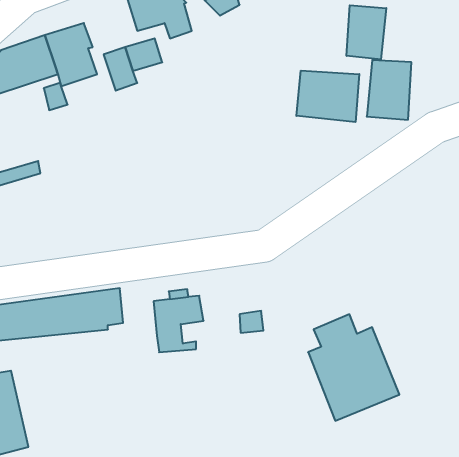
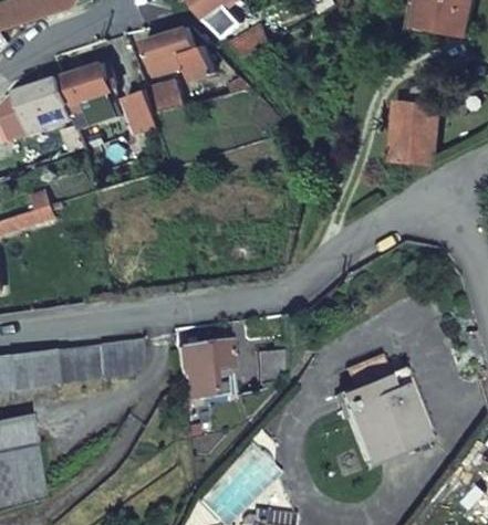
building: [347,5,386,60] -> none
building: [296,71,359,122] -> none

